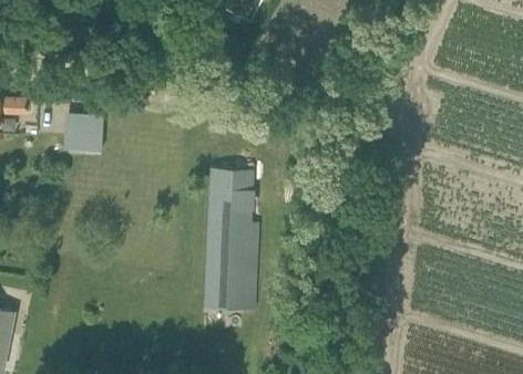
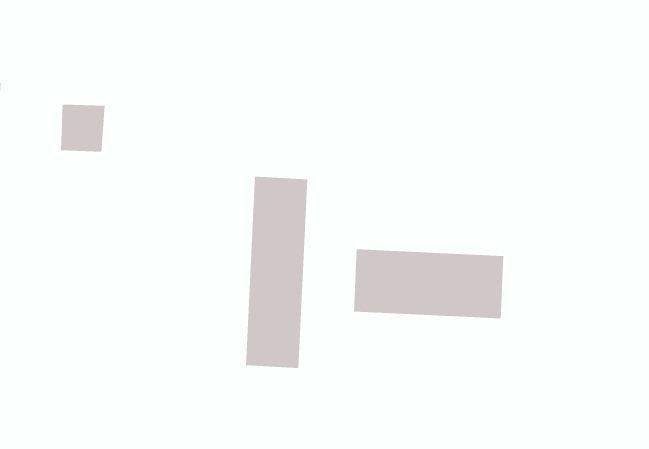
building: none -> [353,249,504,319]

